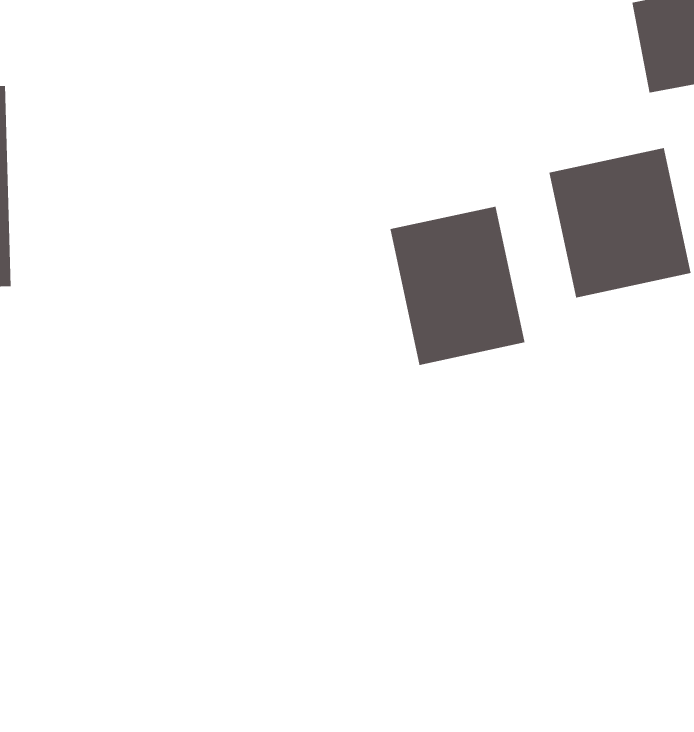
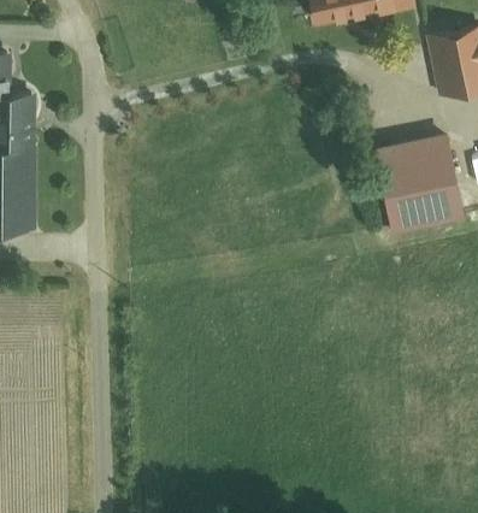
building: [390,206,525,366] -> none

